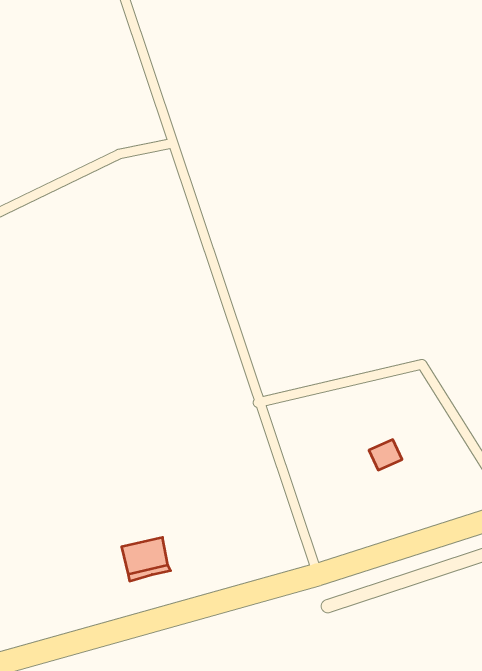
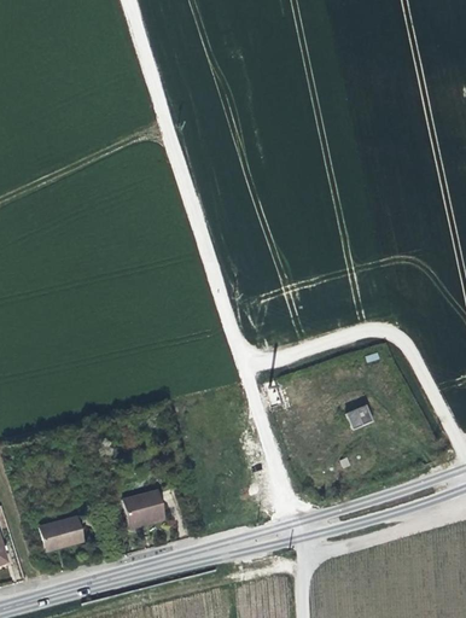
building: none -> [36,515,82,546]

